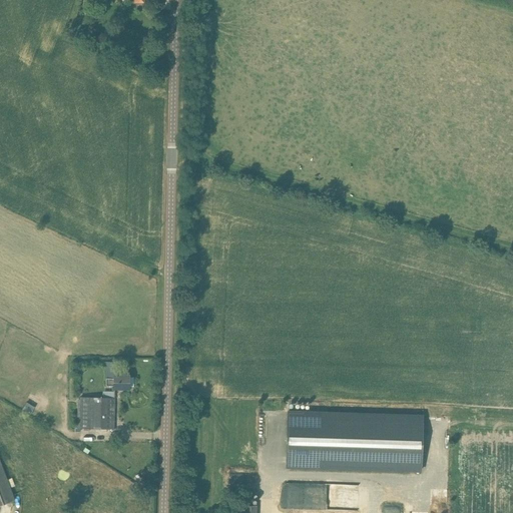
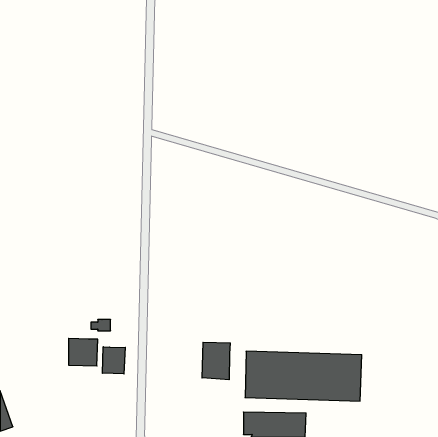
building: none -> [202,342,230,380]
building: none -> [102,347,125,374]

